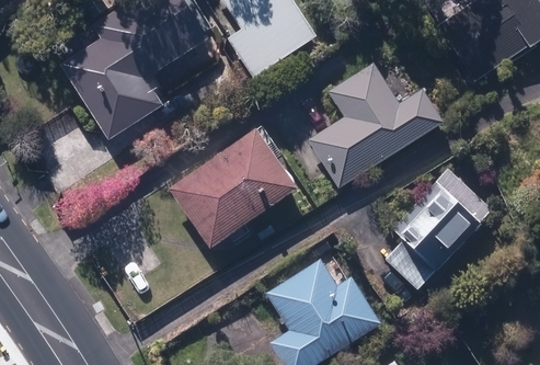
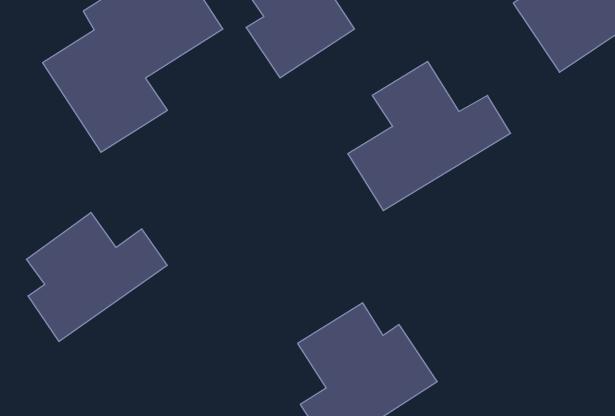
building: [169,129,296,250] -> none
building: [391,162,496,282] -> none
building: none -> [26,212,167,342]

